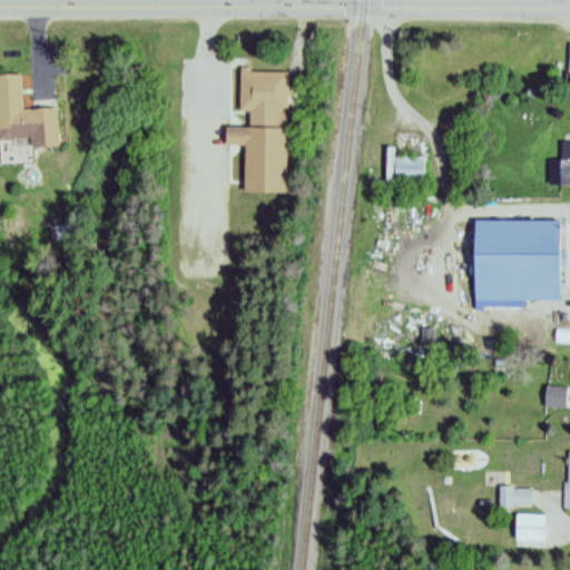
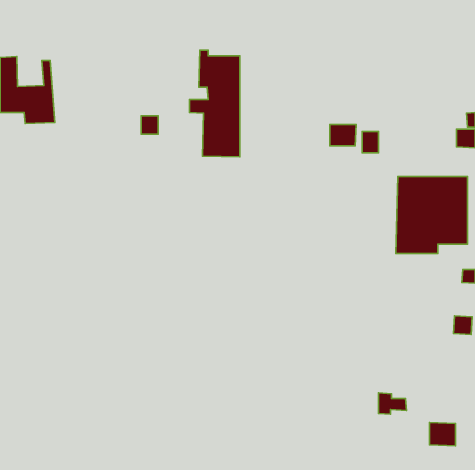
building: none -> [141,116,158,134]
building: none -> [362,131,378,153]
building: [497,483,530,509] -> [379,393,406,414]

